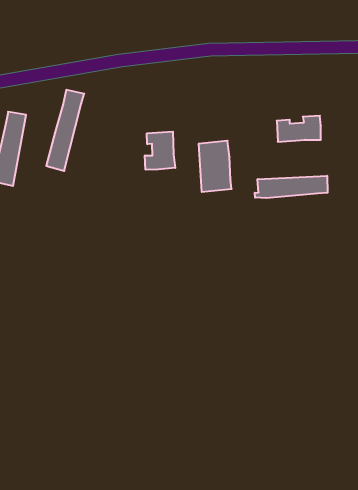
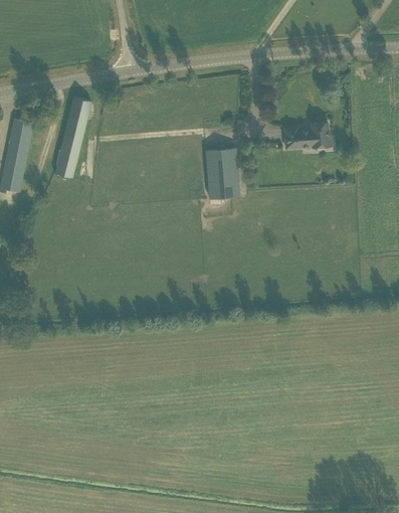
building: [145,132,175,170] -> none
building: [255,176,328,198] -> none

